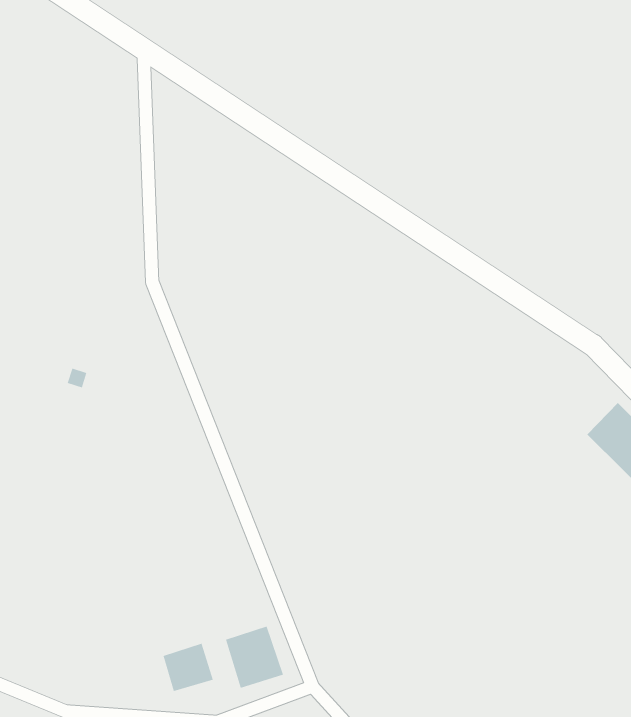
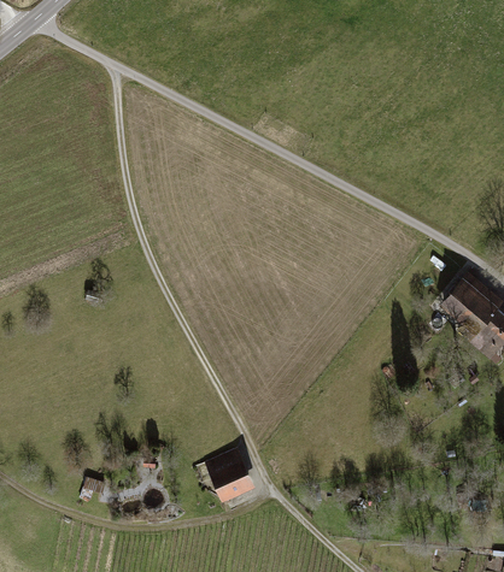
building: [163,643,213,692] -> none

